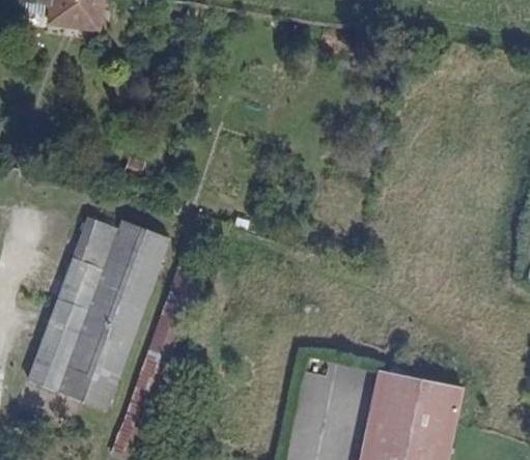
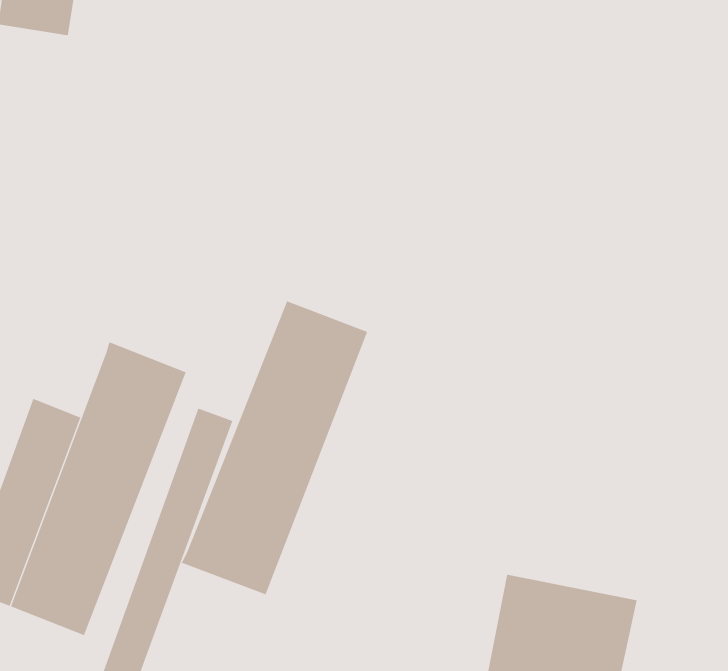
building: none -> [181,300,368,595]
building: [73,219,119,271] -> none

